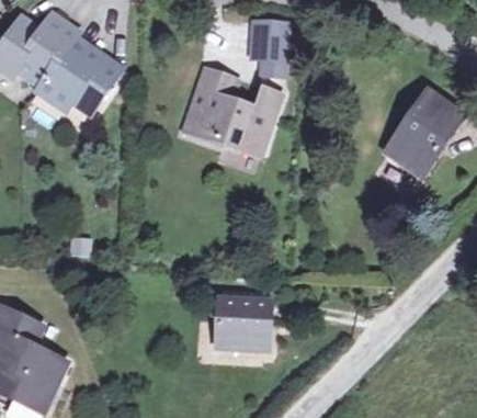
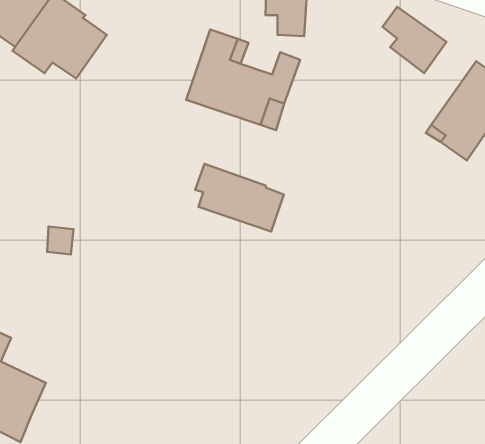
building: none -> [382,7,446,73]
building: none -> [195,164,284,232]
building: [216,296,274,348] -> none

